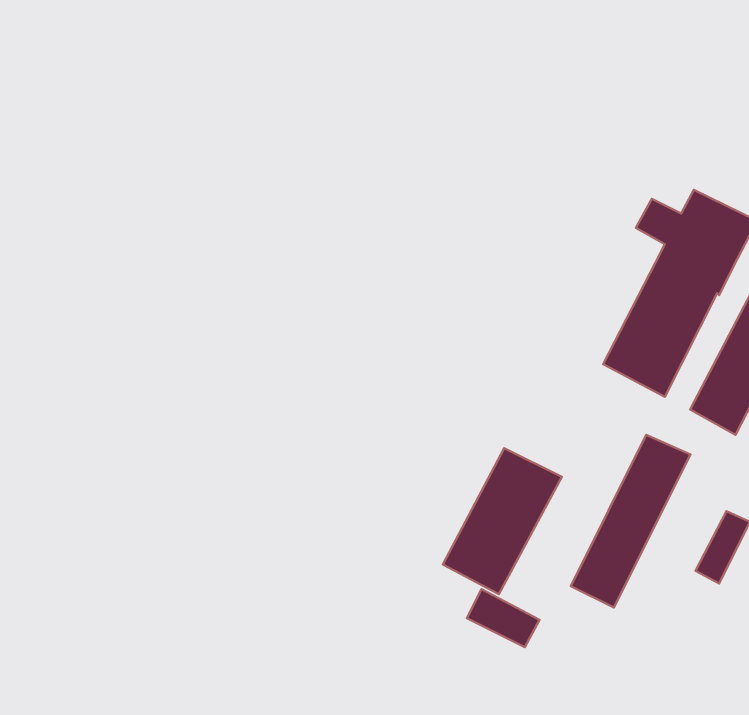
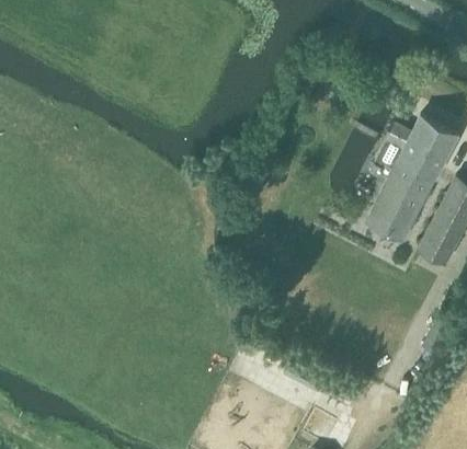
building: [571,435,691,607] -> none
building: [443,448,562,594] -> none

